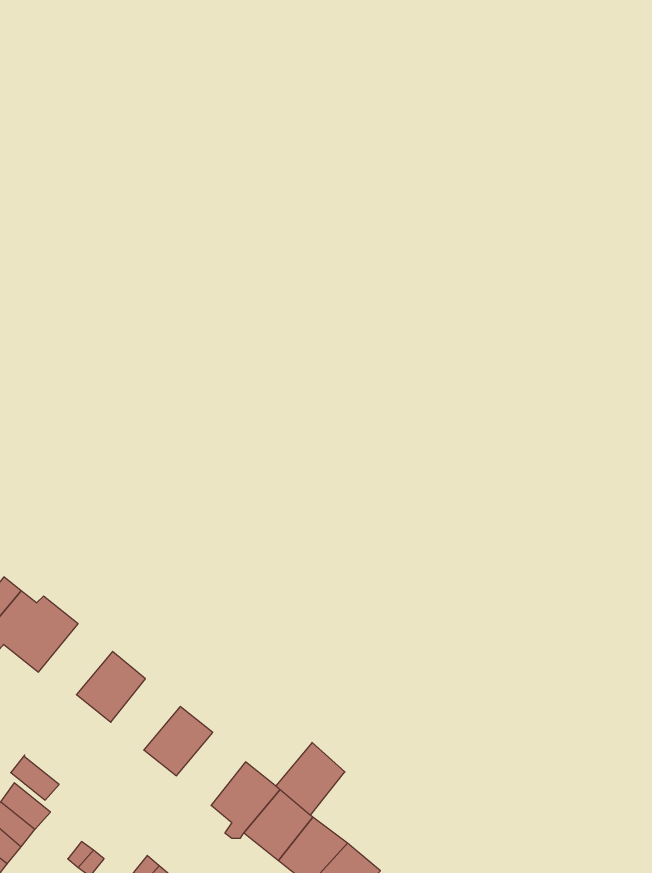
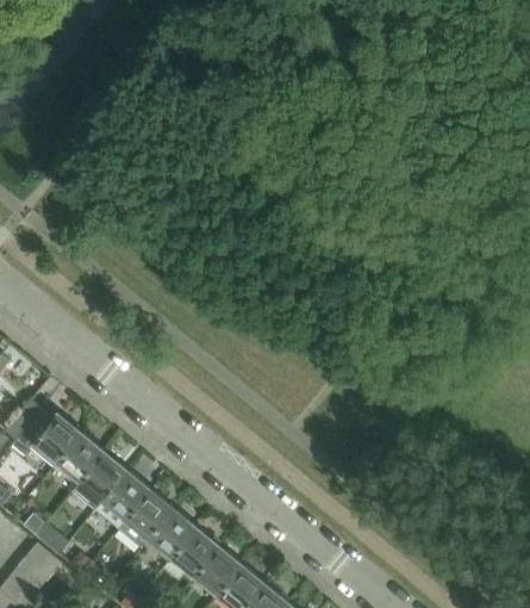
building: none -> [54,434,105,486]
building: none -> [104,472,151,521]
building: [276,742,345,815] -> [149,509,197,559]

